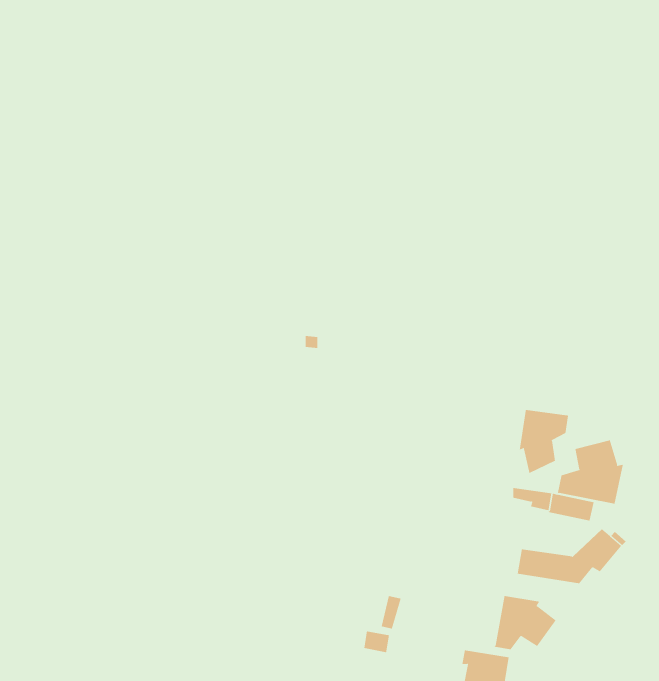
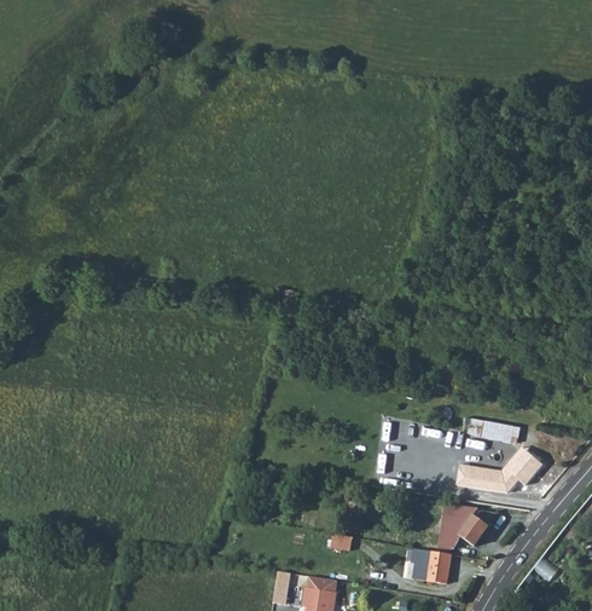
building: [519,409,569,474] -> none
building: [557,439,623,504] -> none

